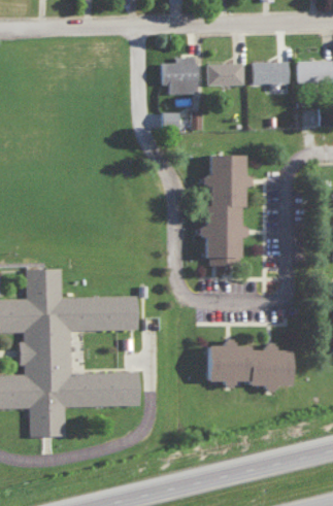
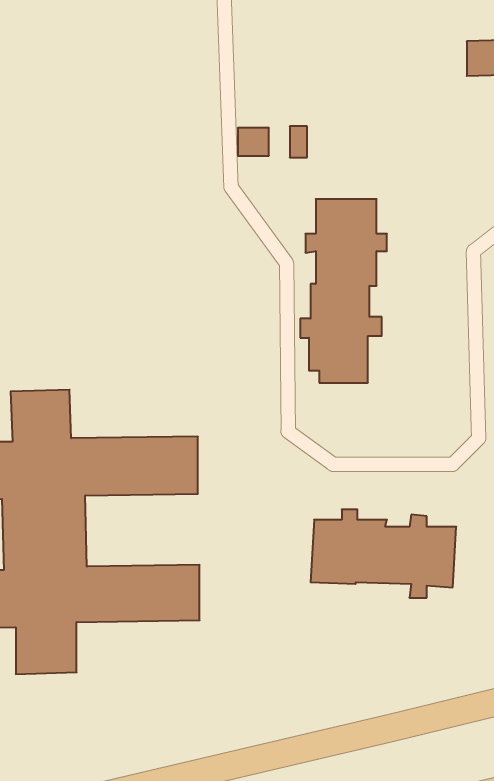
building: [161,57,198,94] -> none
building: [253,61,289,83] -> none
building: [208,63,244,86] -> none

